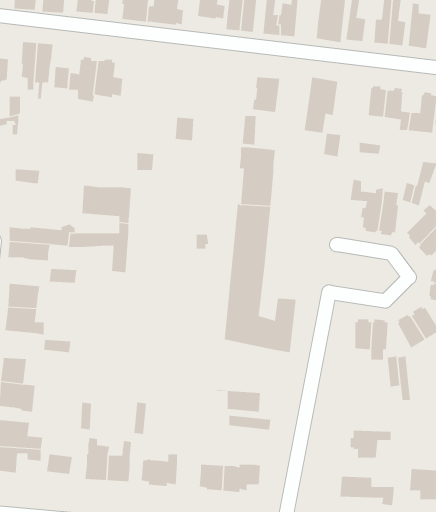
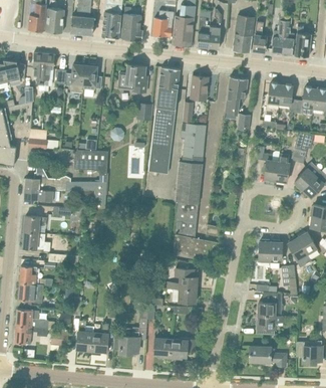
building: none -> [118,65,146,91]
building: none -> [148,67,180,174]
building: none -> [166,268,199,290]
building: none -> [258,292,284,317]

